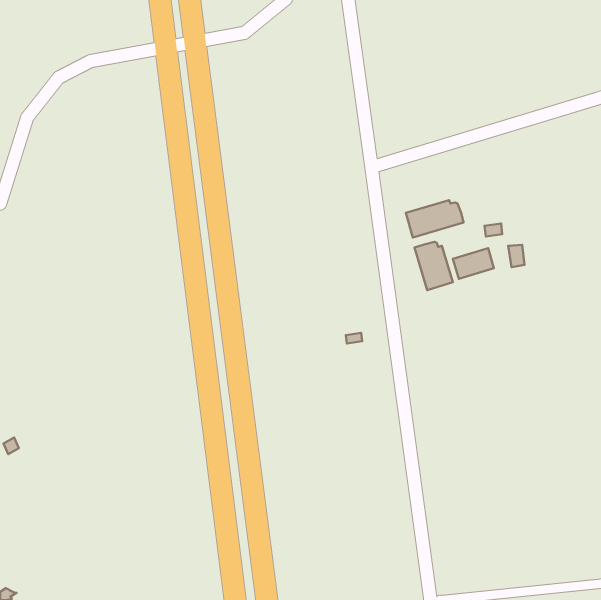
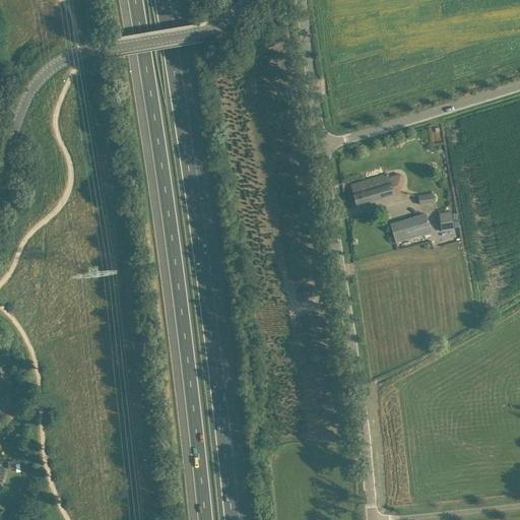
building: [415,242,453,290] -> none

